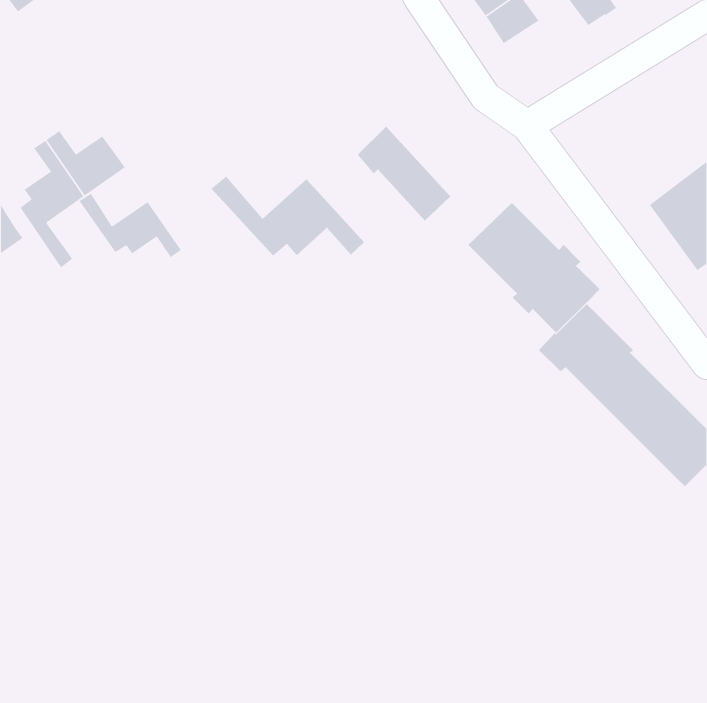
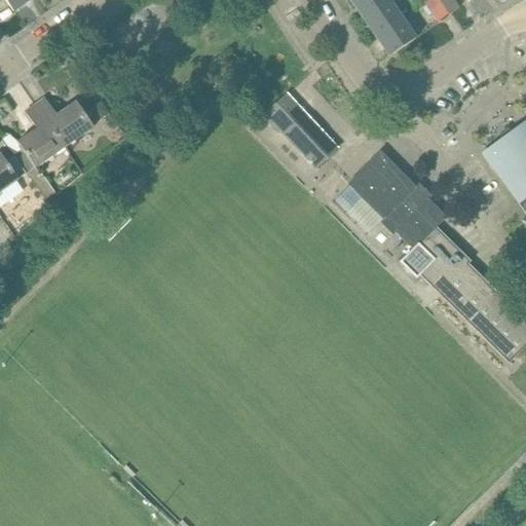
building: none -> [374,15,415,53]
building: [210,176,365,256] -> none
building: [78,193,182,258] -> none

